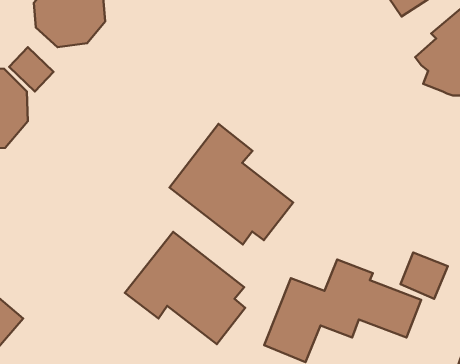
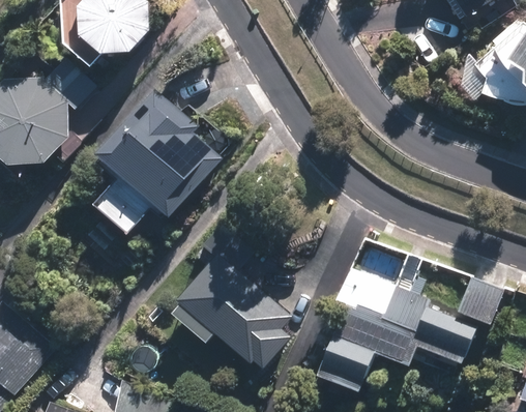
building: none -> [90,83,234,229]
building: [170,124,293,245] -> none

